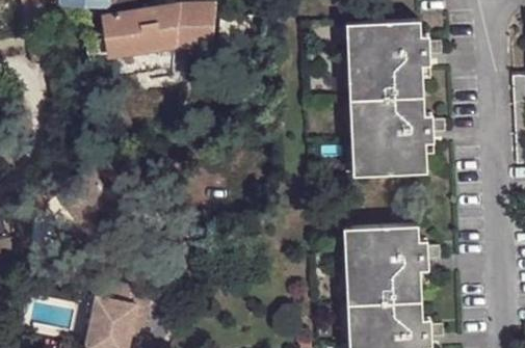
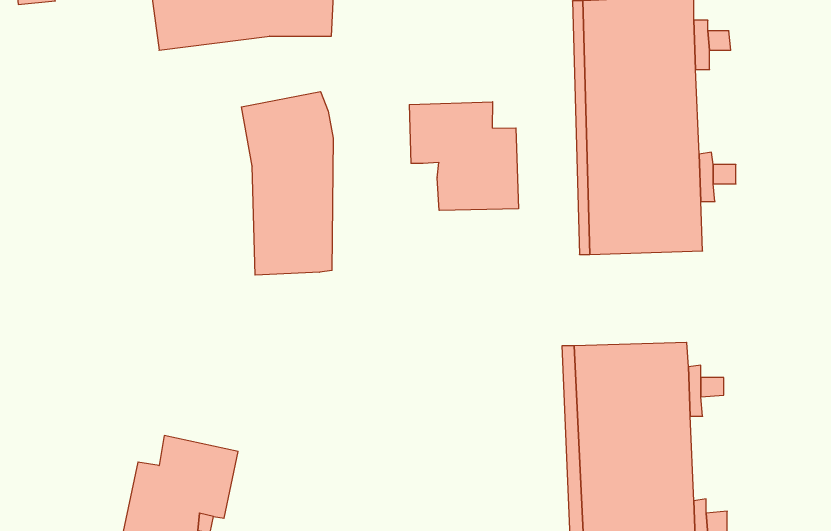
building: none -> [241,92,333,275]
building: none -> [409,102,518,210]

